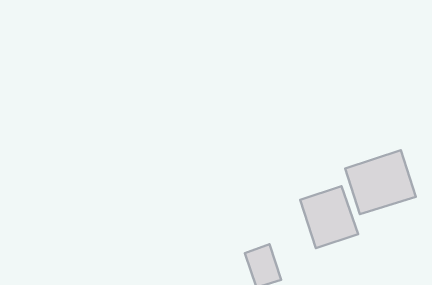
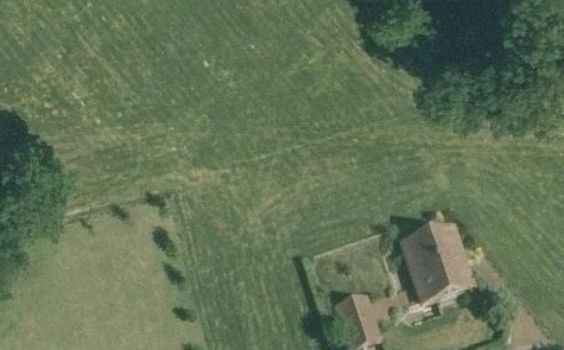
building: [345,150,416,214] -> none

